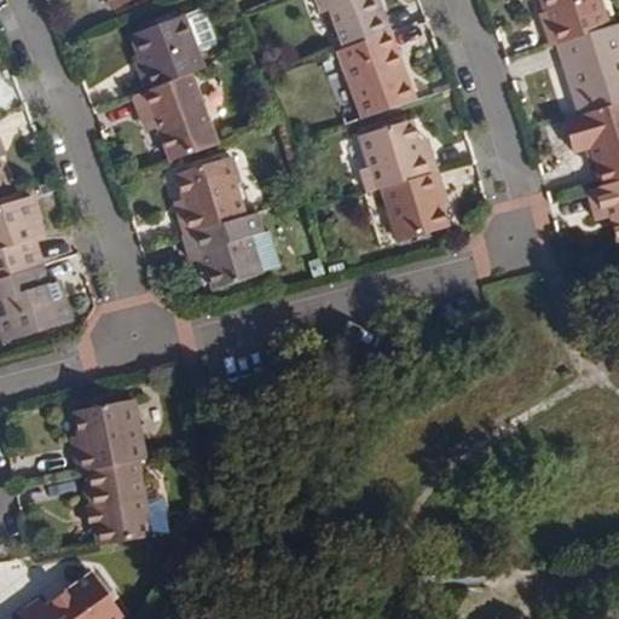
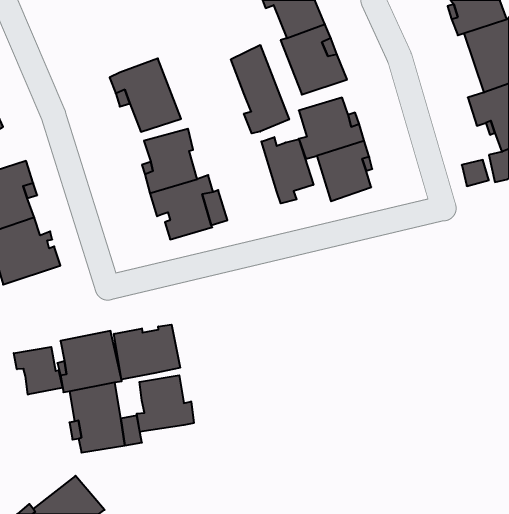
building: [129,11,203,87] -> none
building: none -> [231,45,289,133]
building: none -> [261,137,313,203]
building: none -> [114,325,180,380]
building: none -> [14,347,63,395]
building: none -> [137,375,194,432]

